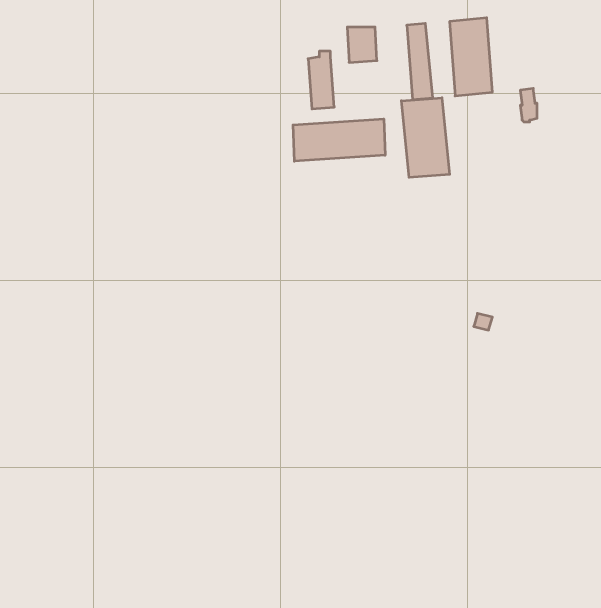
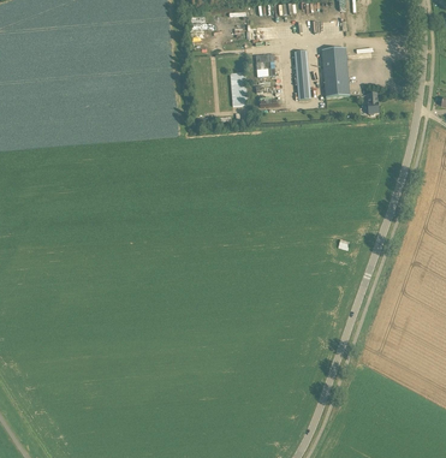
building: [401,98,450,177] -> none
building: [293,119,385,161] -> none

